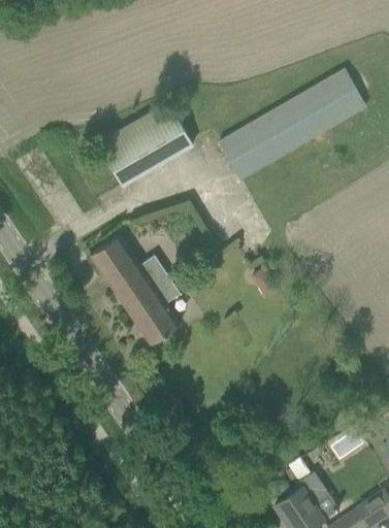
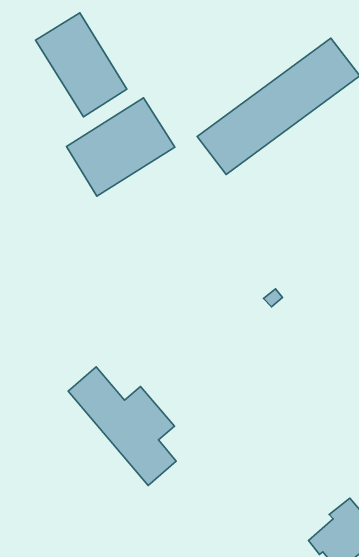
building: none -> [36,13,127,117]
building: [89,237,179,346] -> [68,367,176,486]

